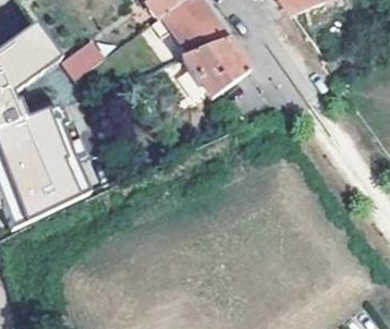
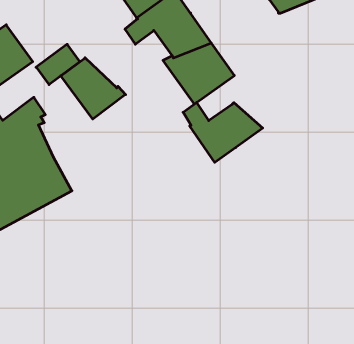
building: none -> [61,58,126,119]
building: none -> [183,102,263,162]

